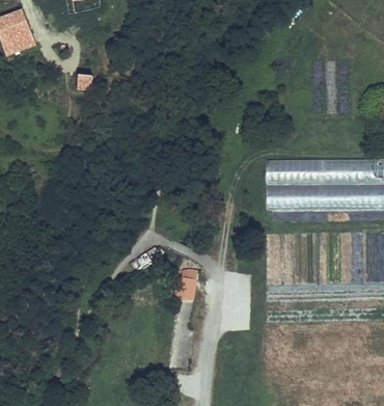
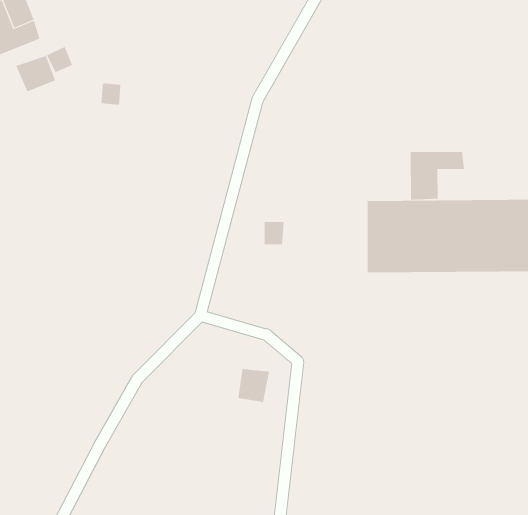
building: none -> [16,55,56,92]
building: none -> [410,151,465,200]

